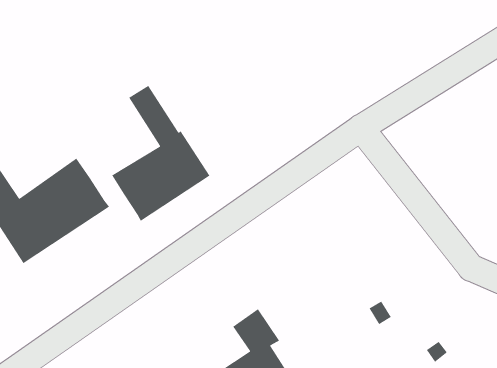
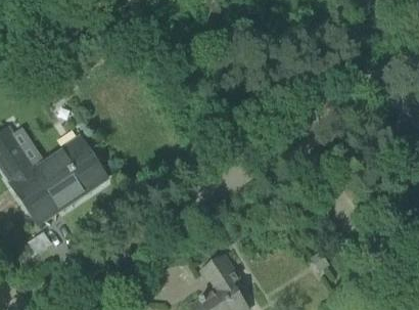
building: [111,85,211,222] -> none

